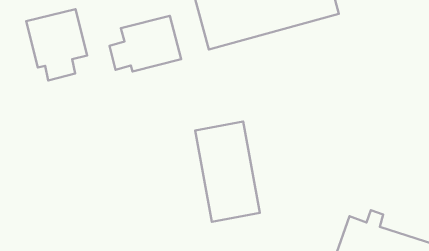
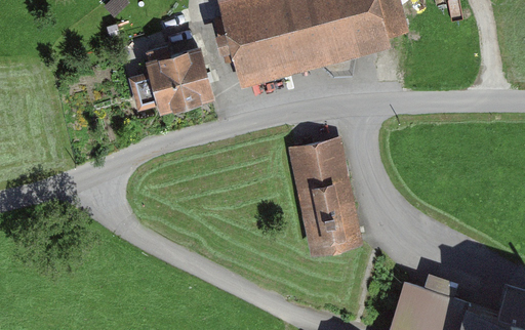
building: [26,9,87,80] -> none
building: [195,121,260,222] -> [288,138,363,254]

